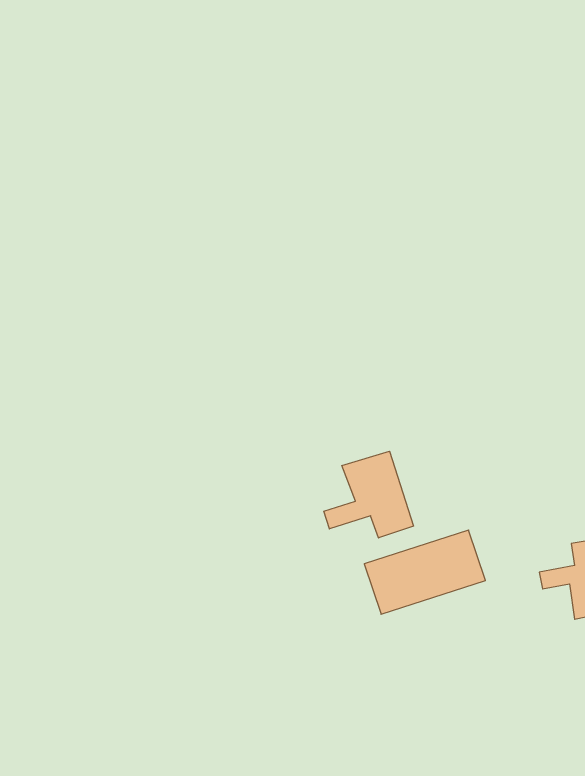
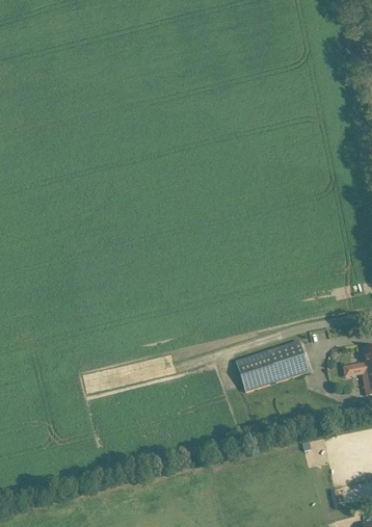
building: [324,451,414,538] -> none

